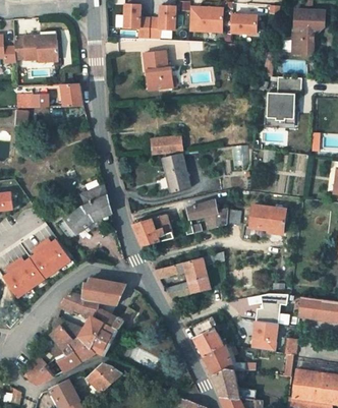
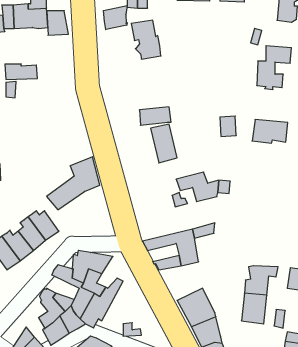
building: none -> [103,6,127,30]
building: [62,83,83,108] -> [47,11,68,35]
building: [249,207,285,230] -> [252,120,288,143]
building: [131,215,174,247] -> none

